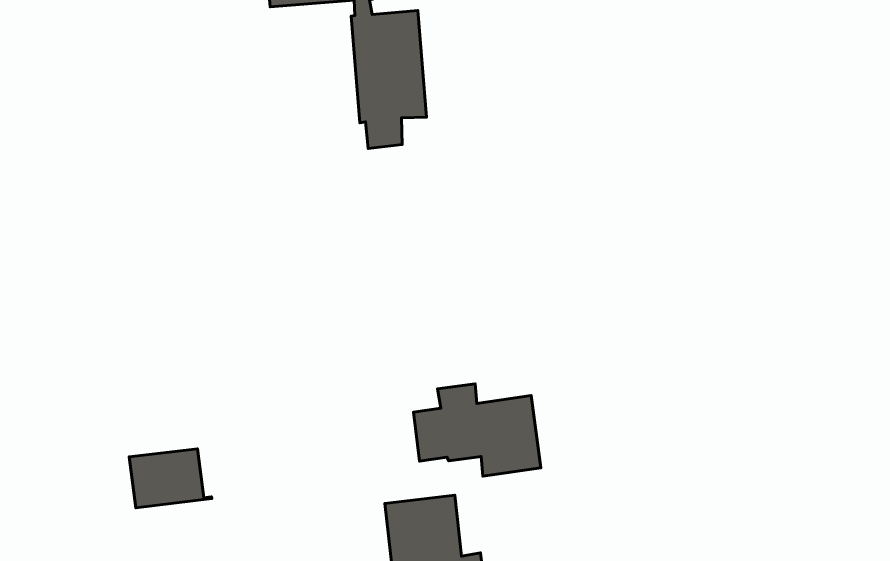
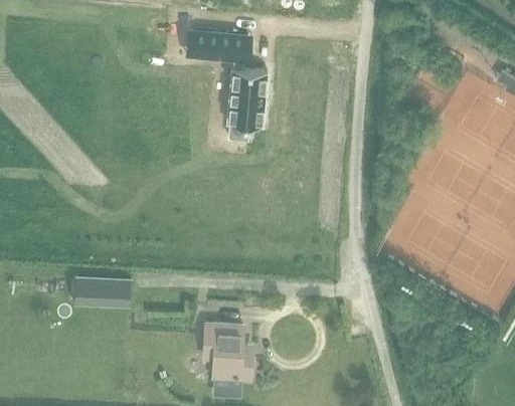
building: [414,384,541,476] -> none

